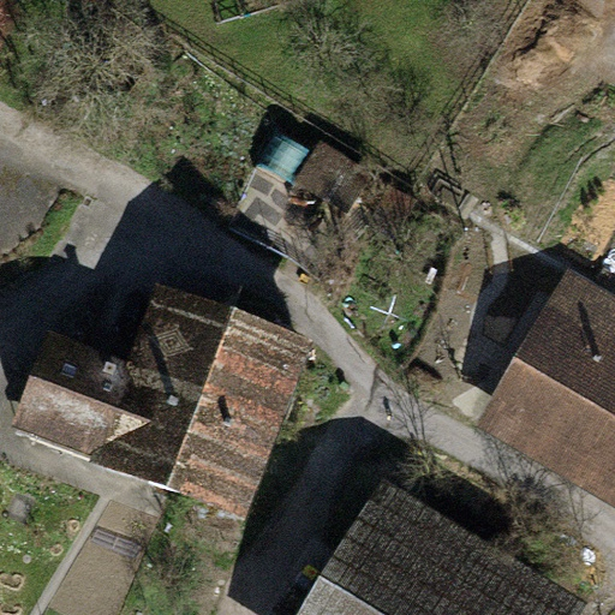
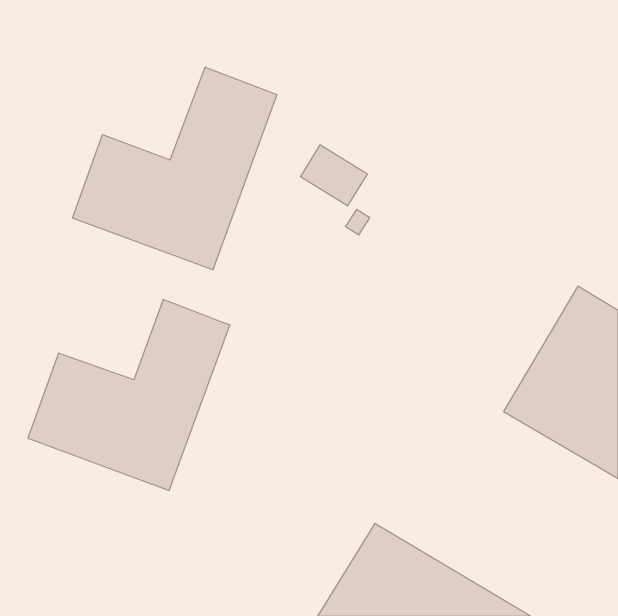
building: none -> [73,67,277,270]
building: [167,321,294,509] -> none

